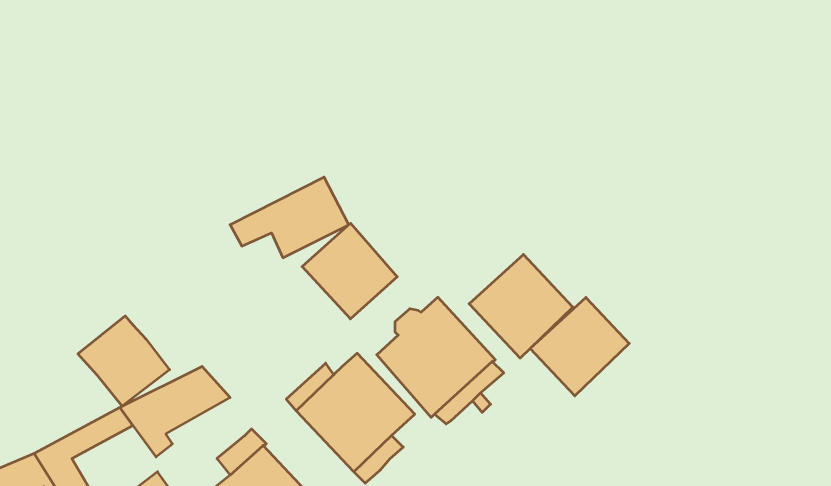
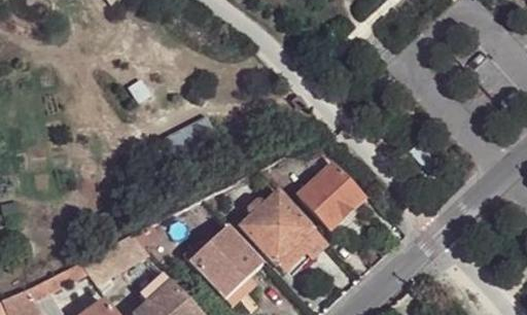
building: [302,223,397,319] -> none
building: [530,297,629,396] -> none
building: [78,316,170,406] -> none

